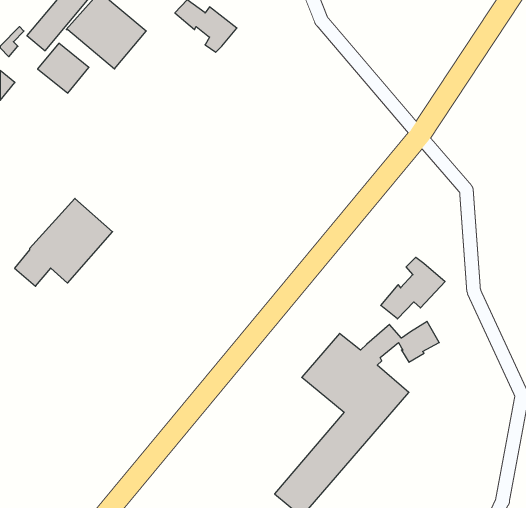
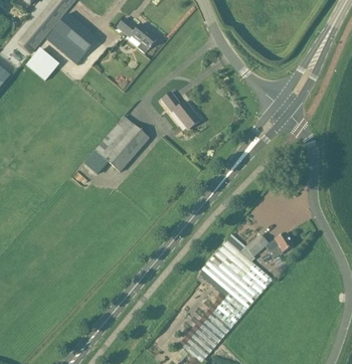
building: none -> [161,93,199,130]
building: [15,198,113,286] -> [83,117,149,175]
building: [381,257,445,319] -> none

